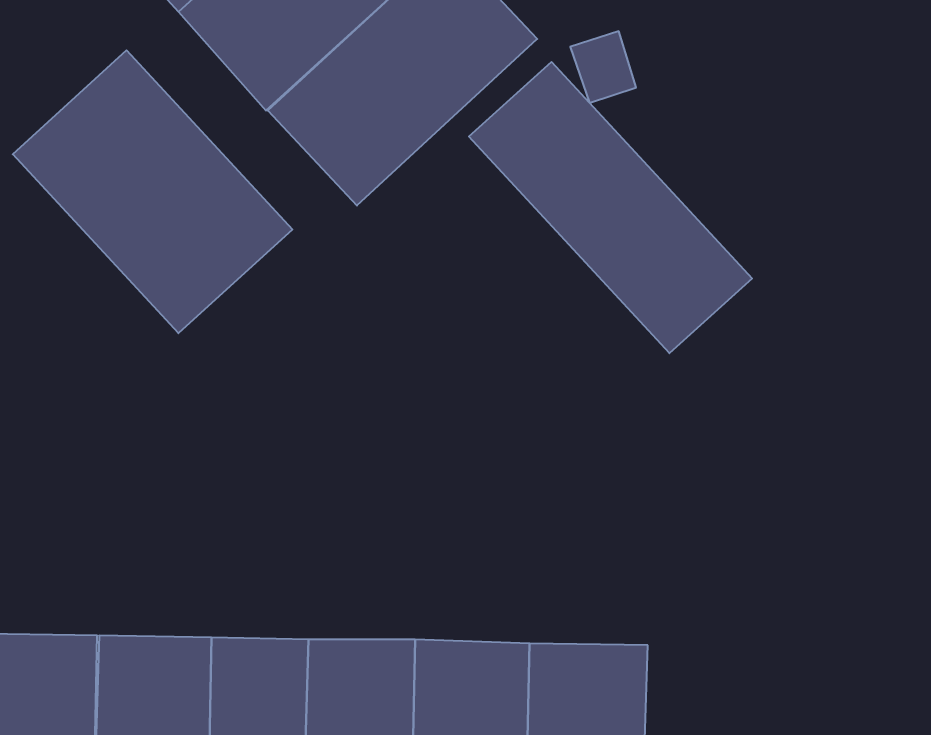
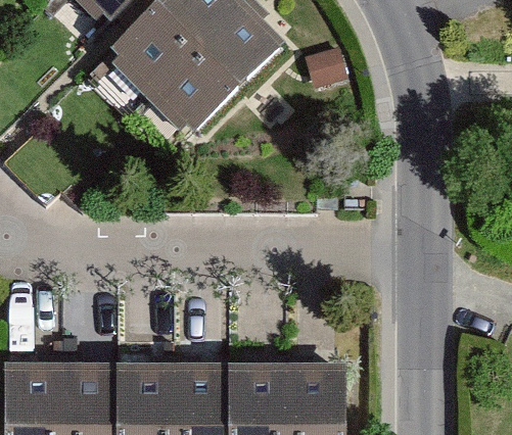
building: [13,50,292,333] -> none
building: [469,62,752,353] -> none

